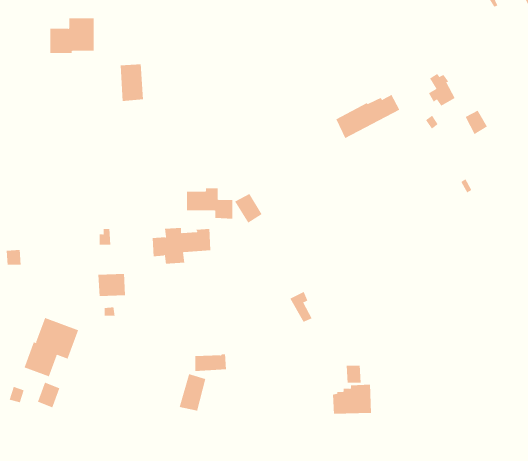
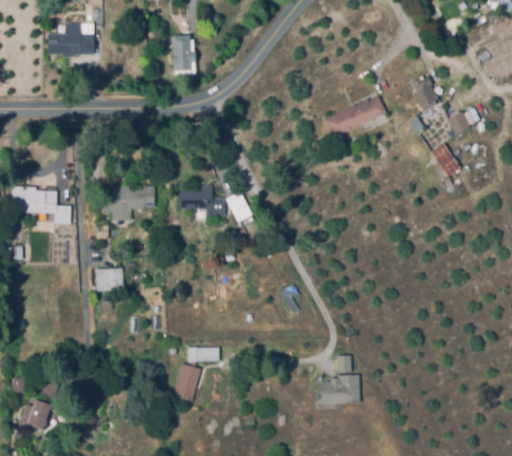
building: [120,64,144,102] -> [172,40,195,76]
building: none -> [430,141,459,175]
building: none -> [9,185,70,225]
building: [152,228,211,264] -> [99,185,156,220]
building: [24,317,79,377] -> none
building: none -> [26,401,49,428]

